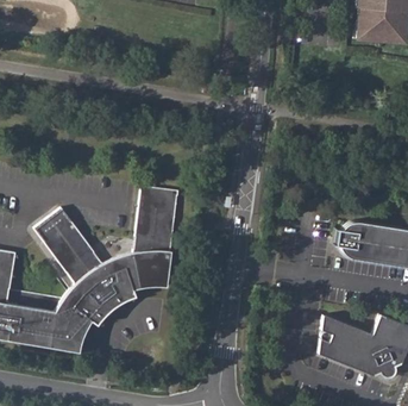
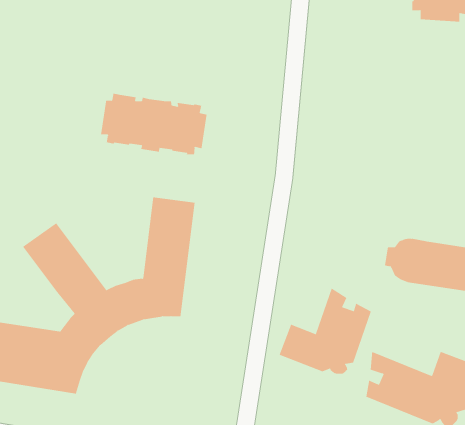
building: none -> [101,93,207,155]
building: none -> [279,287,371,375]

